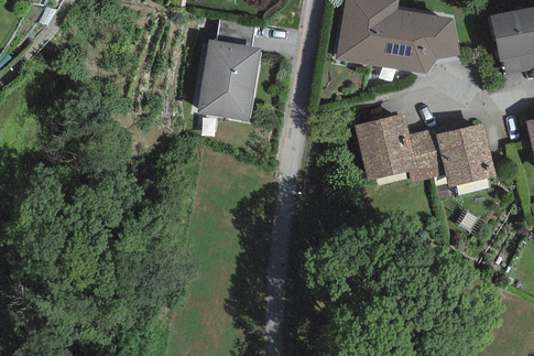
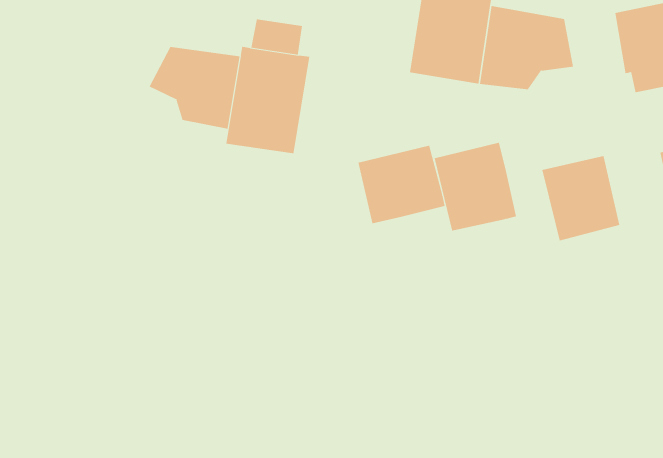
building: none -> [149,46,240,129]
building: none -> [358,145,445,224]
building: [407,128,445,182] -> none

